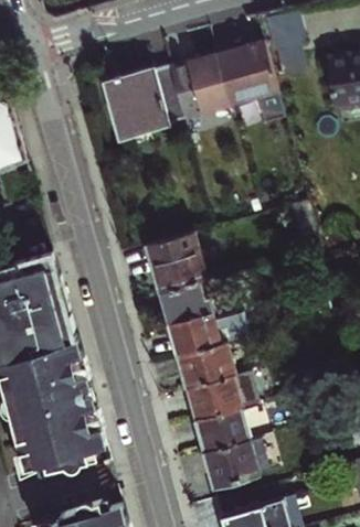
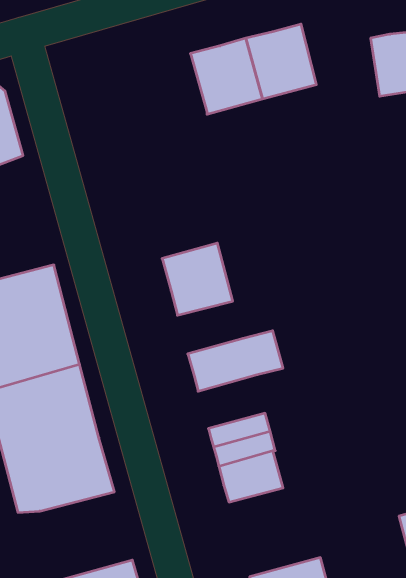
building: [106,68,184,140] -> none
building: [159,283,215,329] -> none
building: [177,346,236,392] -> none
building: [203,443,260,491] -> none

